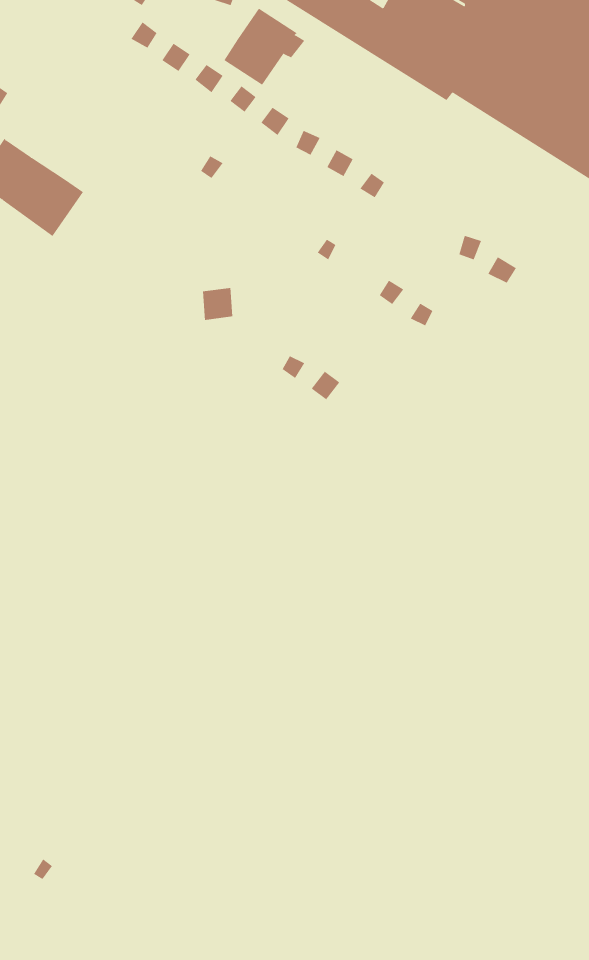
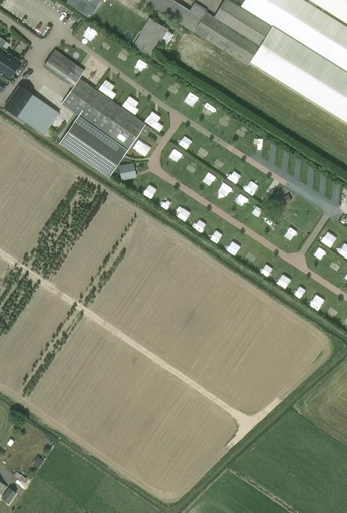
building: none -> [44,51,146,149]
building: none -> [60,122,124,177]

